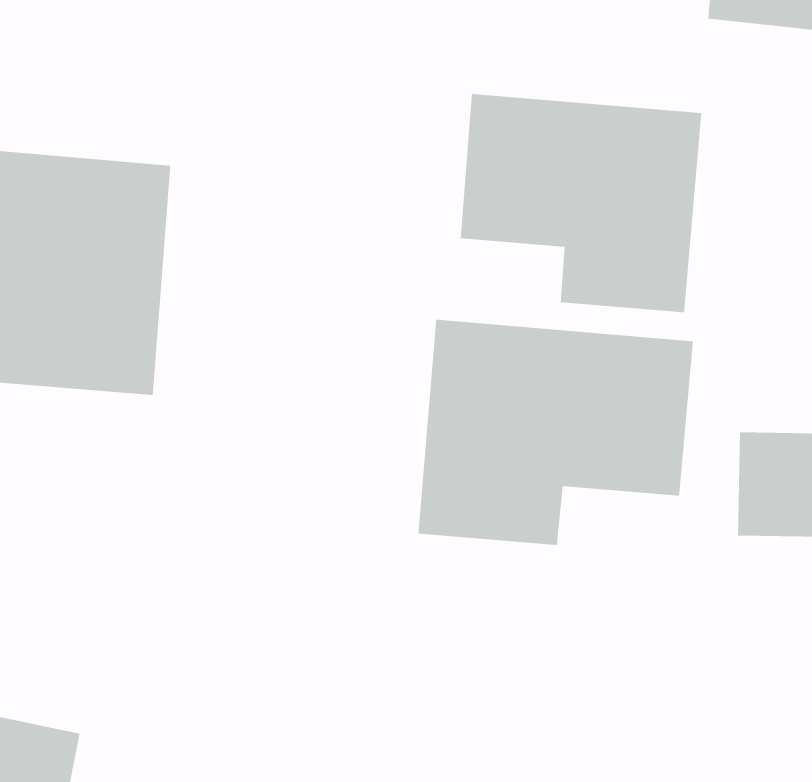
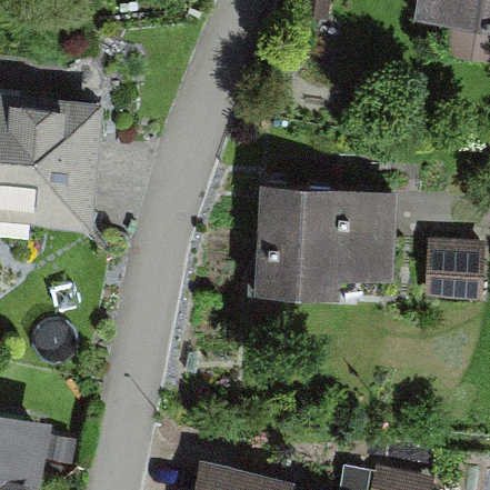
building: [460,93,702,313] -> none

